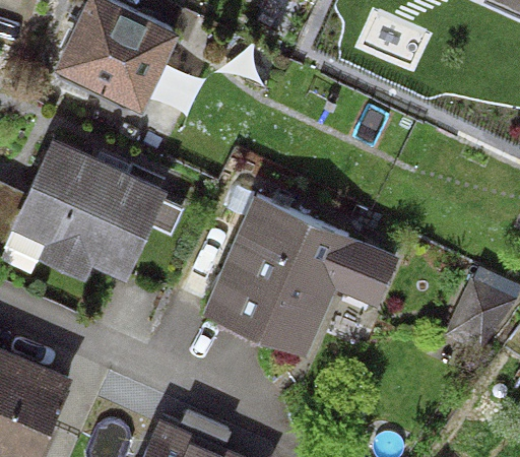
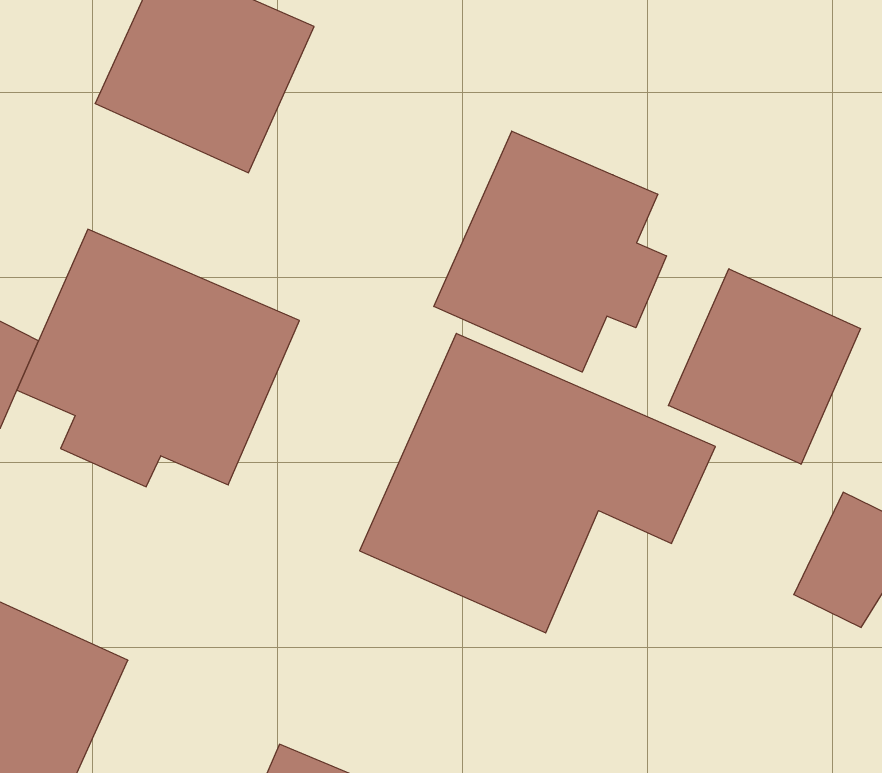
building: none -> [434,131,666,372]
building: none -> [668,269,861,464]

